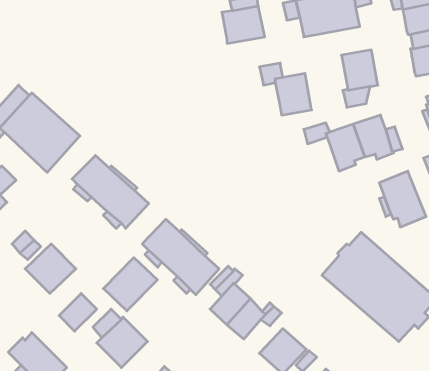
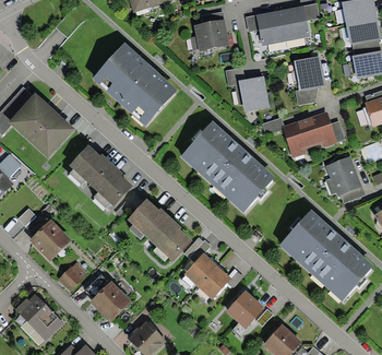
building: none -> [91,42,177,126]
building: none -> [179,120,275,213]
building: [103,258,157,311] -> none

